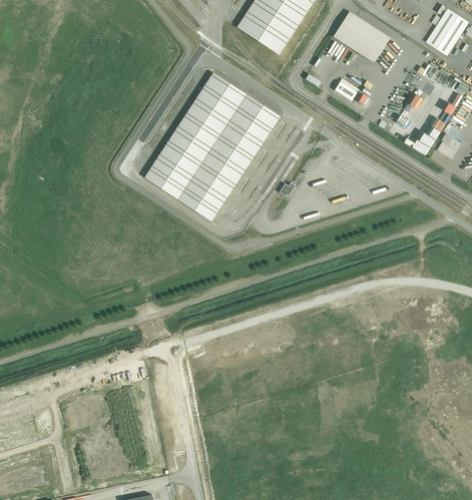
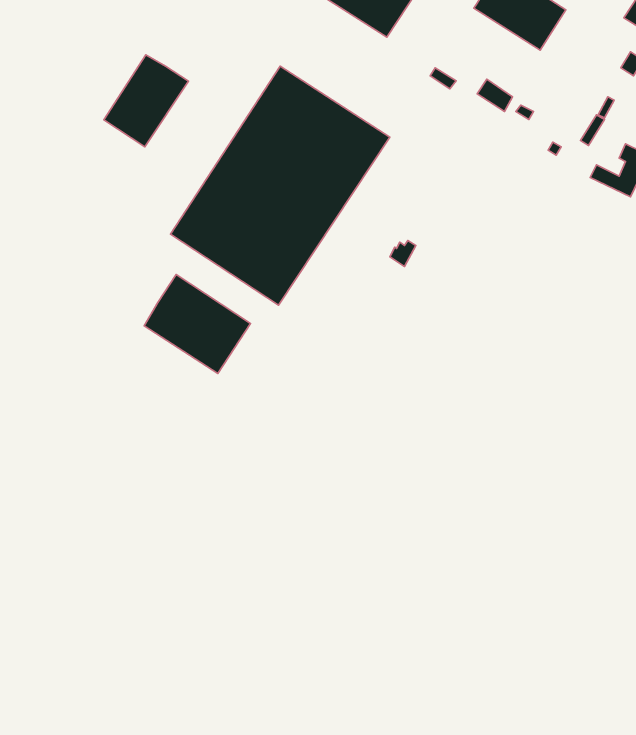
building: none -> [104,55,188,147]
building: none -> [144,274,250,373]

